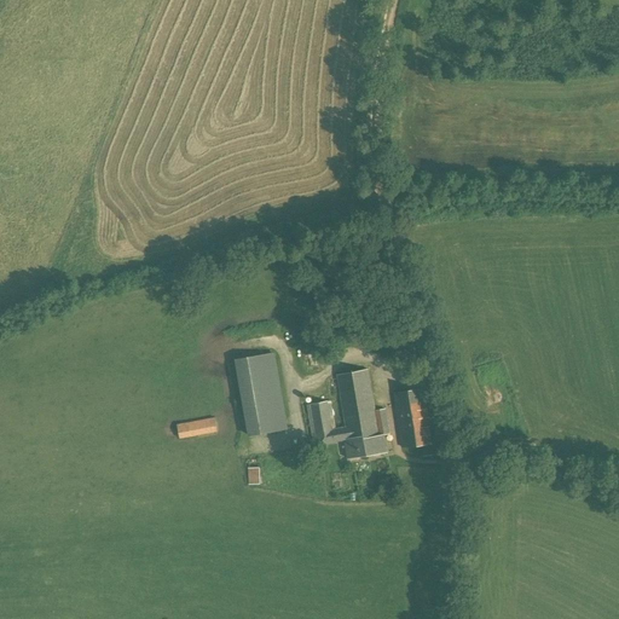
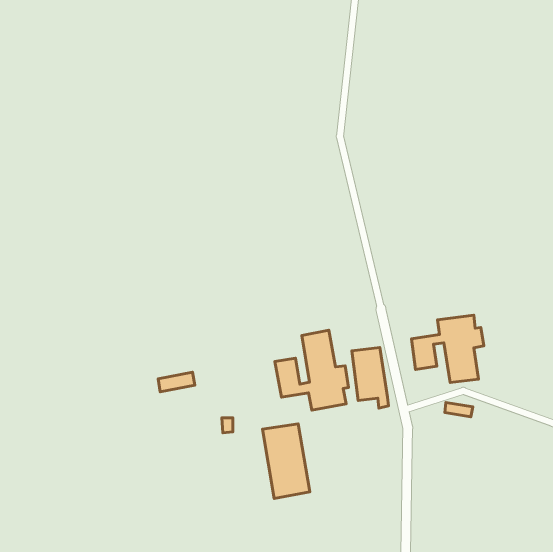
building: [235,352,288,435] -> [262,424,310,498]
building: none -> [411,315,484,383]

